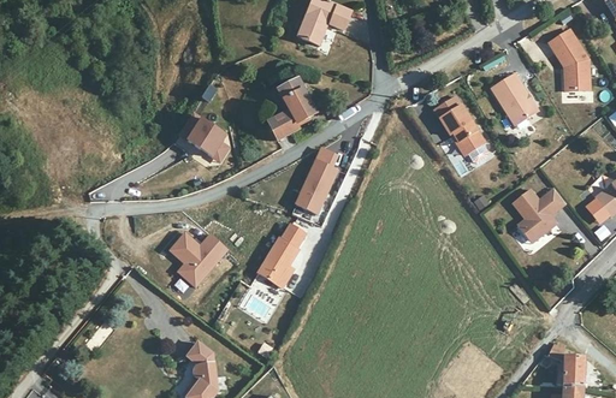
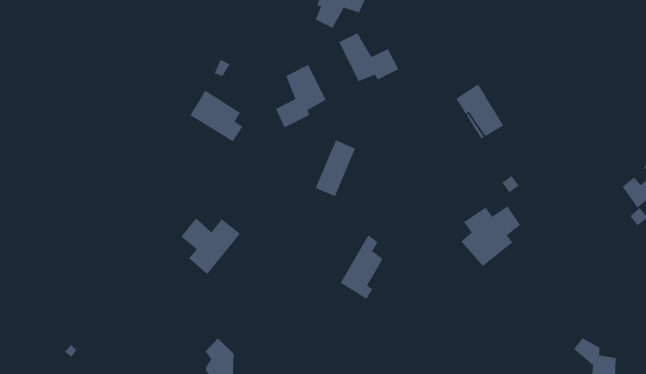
building: [543,35,585,99] -> none
building: none -> [338,32,399,82]
building: [484,75,531,126] -> none
building: [504,185,561,243] -> [461,206,521,267]
building: [254,225,295,286] -> [340,234,383,300]

